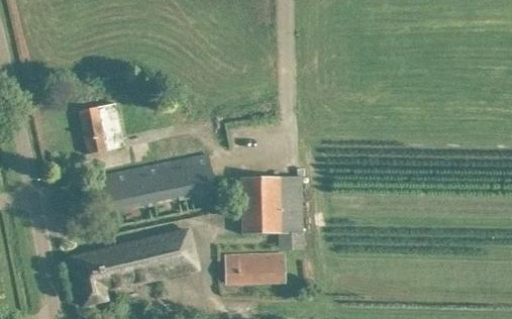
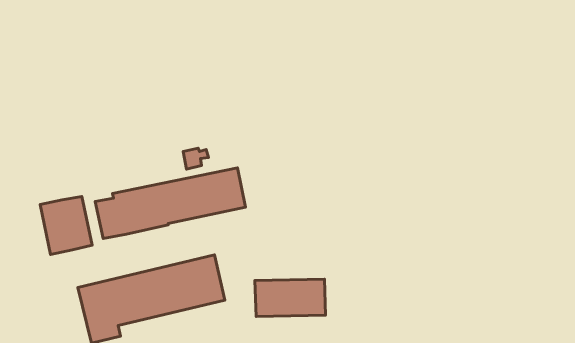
building: [80,103,125,153] -> [40,197,92,255]
building: [240,174,304,231] -> none

